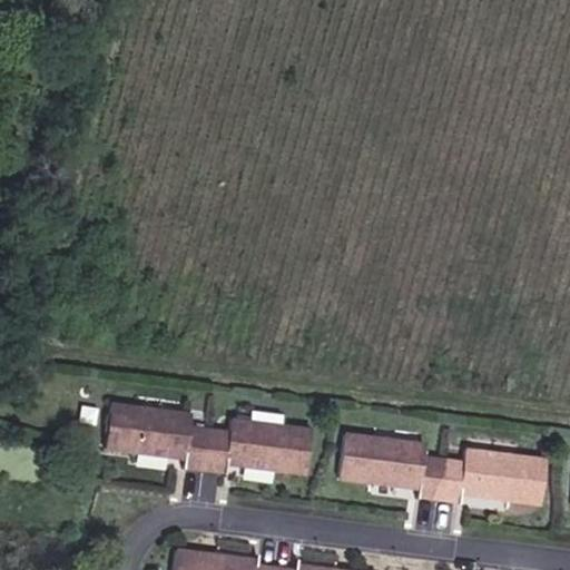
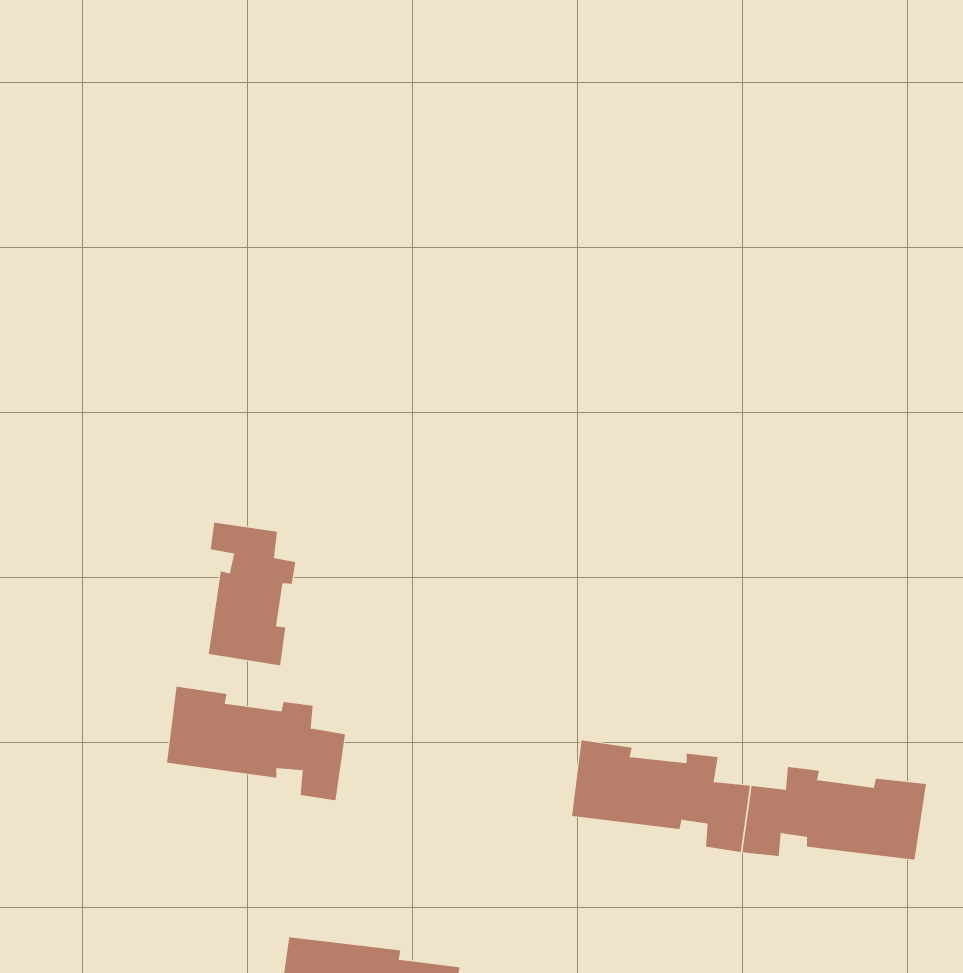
building: none -> [208,522,296,666]
building: [204,417,312,472] -> none

